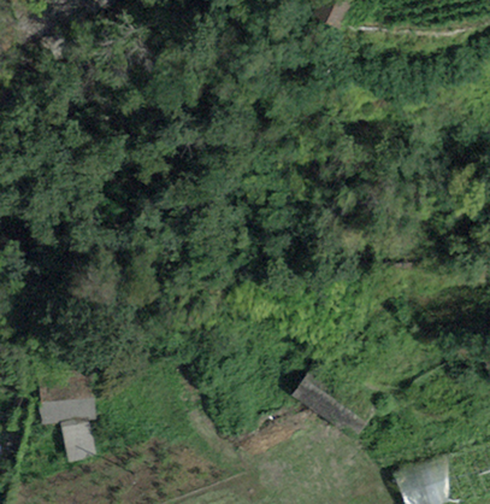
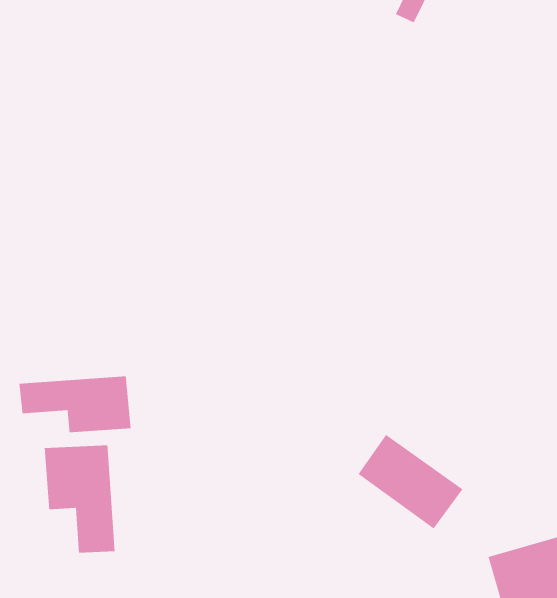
building: none -> [19,376,132,433]

